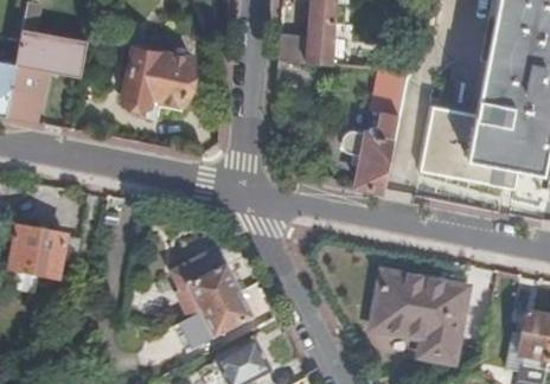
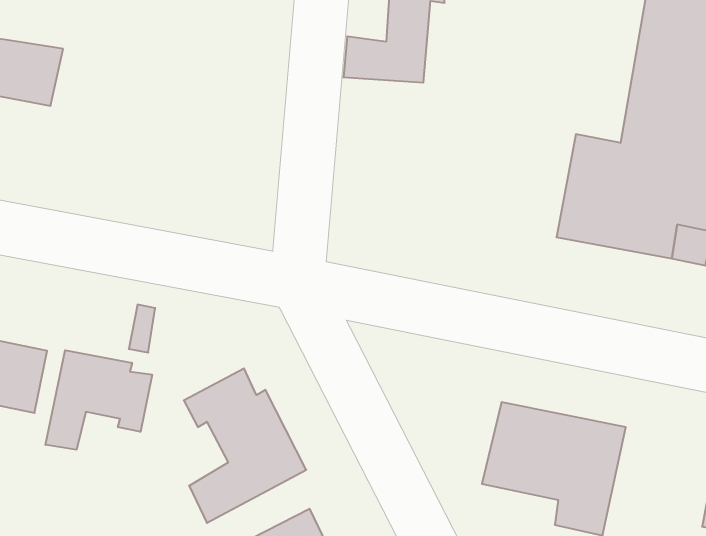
building: [123,44,192,102] -> none
building: [341,63,407,186] -> none
building: none -> [45,350,152,450]

